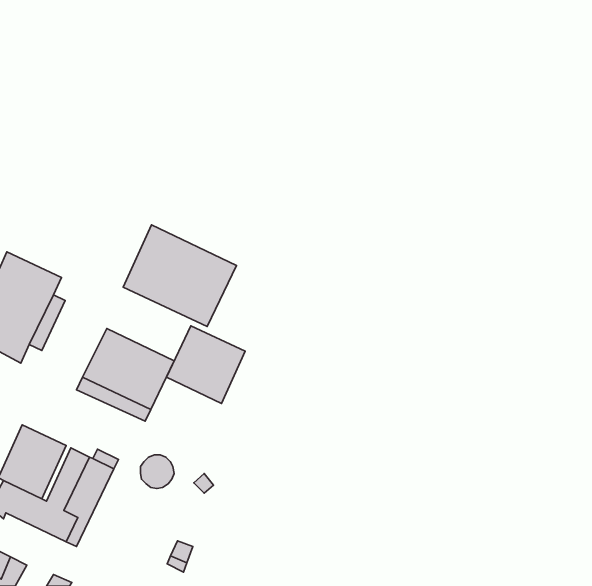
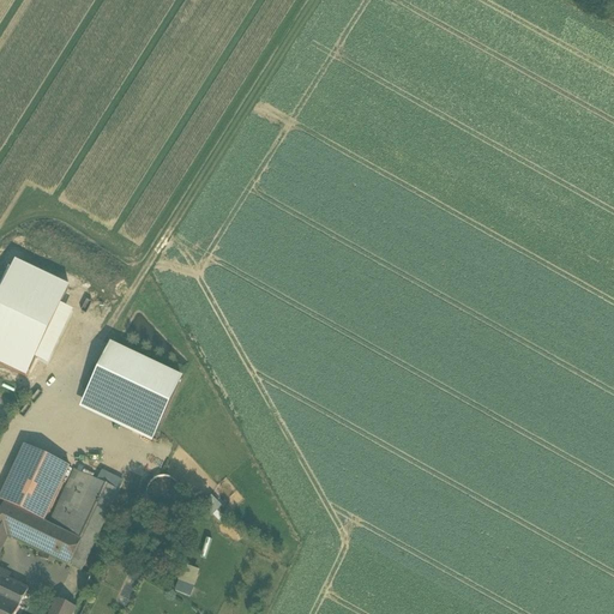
building: [123,225,236,327] -> none
building: [166,326,245,403] -> none

